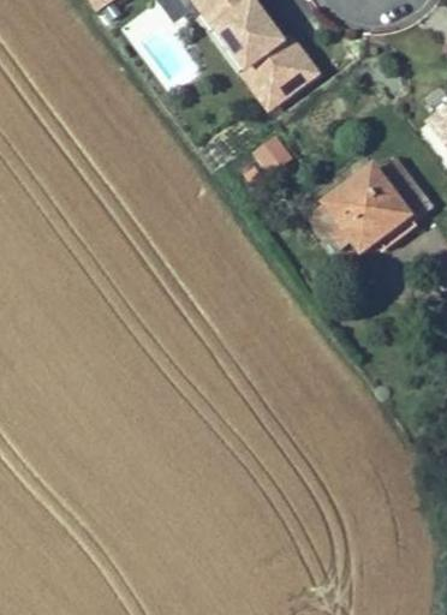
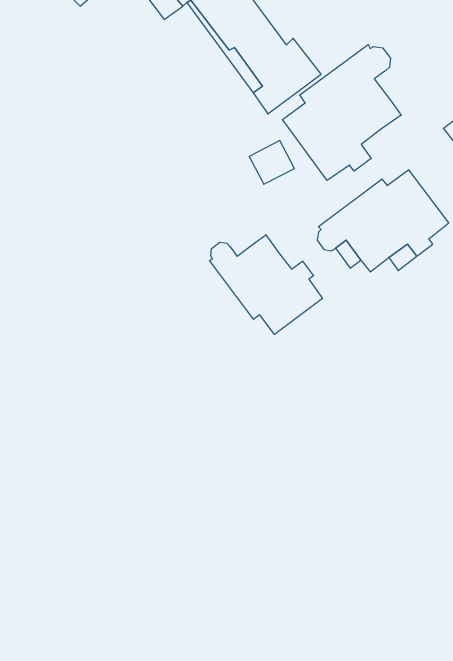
building: none -> [282,45,401,180]
building: none -> [210,235,322,334]

